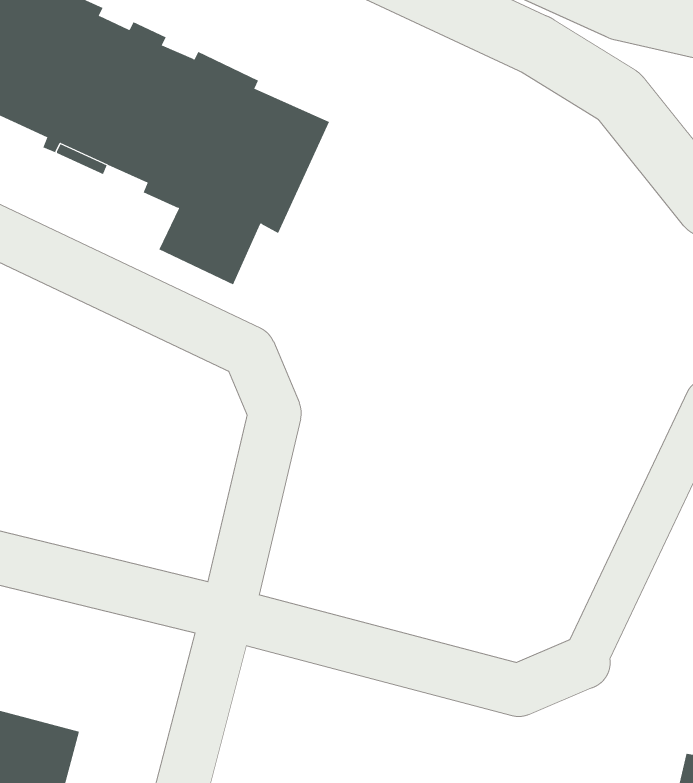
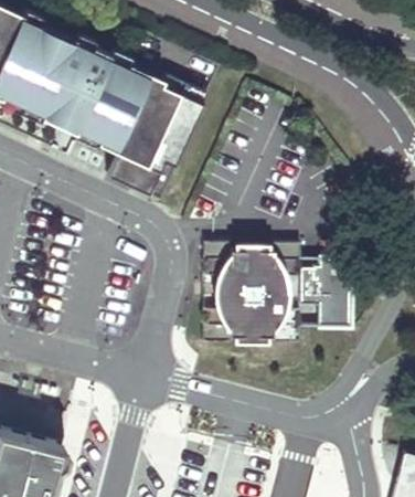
building: none -> [202,242,350,343]

